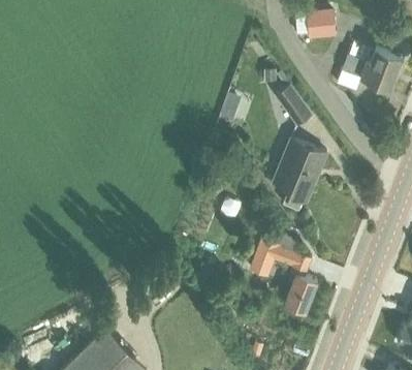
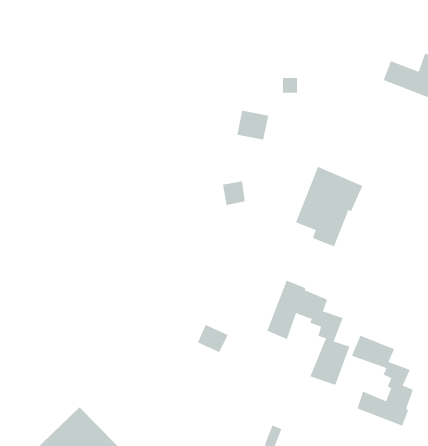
building: [308,11,335,39] -> none
building: [277,86,312,125] -> none
building: none -> [351,335,414,426]

